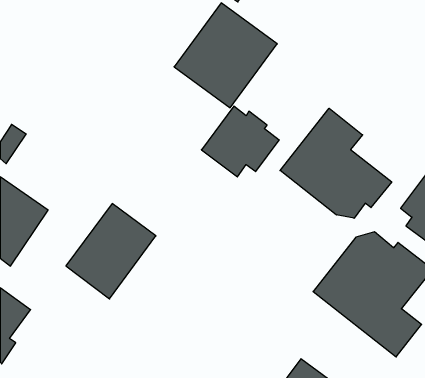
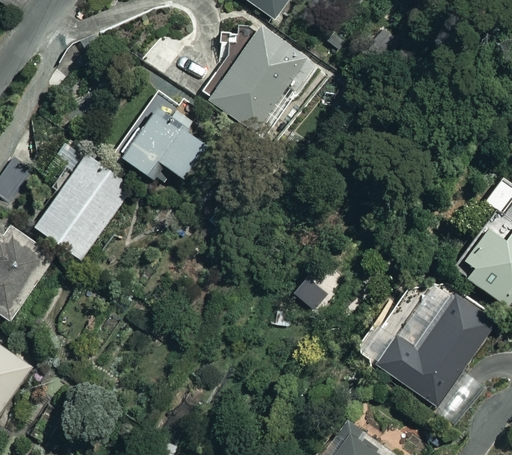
building: [201,106,279,177] -> [118,101,207,182]
building: [280,108,392,218] -> none
building: [66,204,156,299] -> [31,152,134,261]

